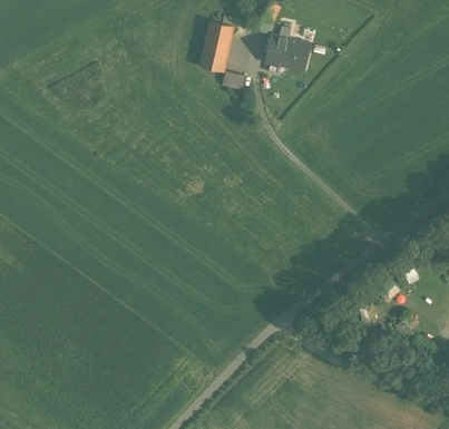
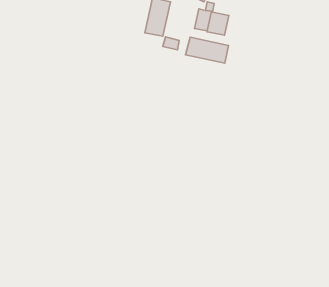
building: none -> [186,37,228,63]

